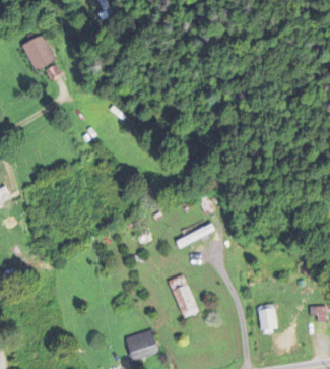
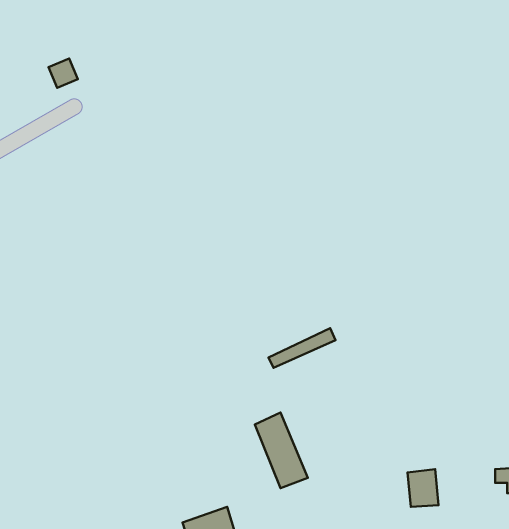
building: [21,36,54,71] -> none

